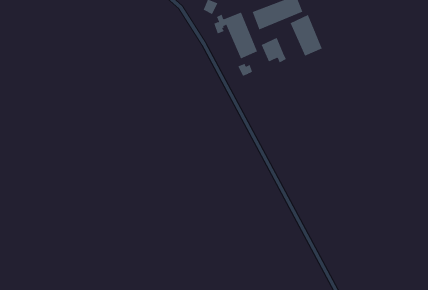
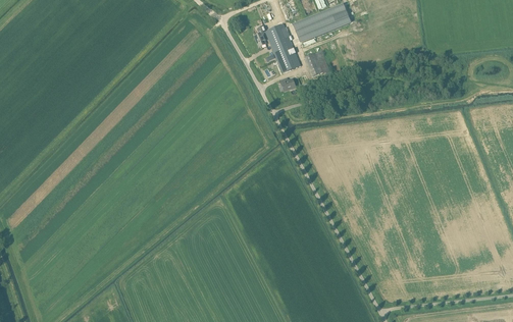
building: [290,14,322,57] -> none

